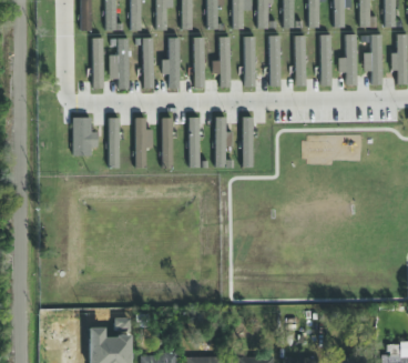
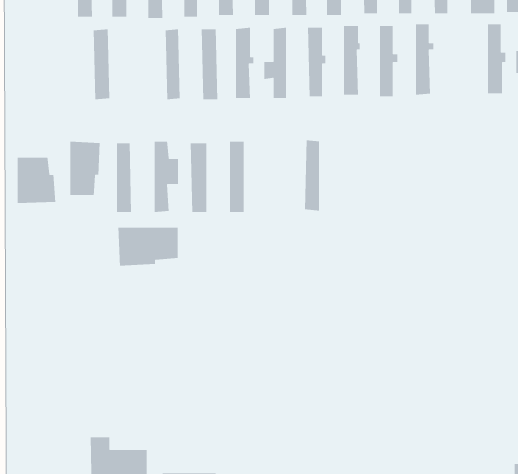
building: [338,34,358,84] -> none
building: [109,38,130,89] -> none
building: [215,117,233,168] -> none
building: none -> [17,157,56,204]
building: none -> [118,227,179,267]

